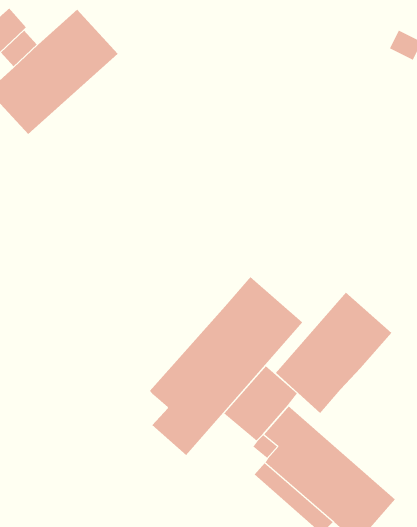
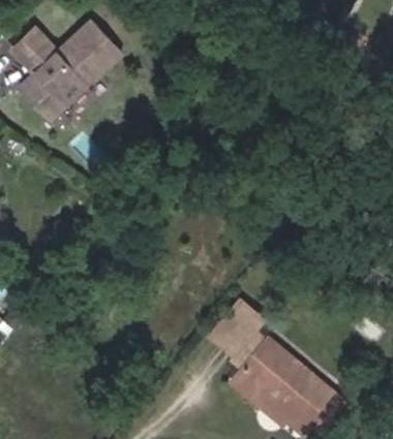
building: [149,276,303,456] -> none
building: [275,292,392,414] -> none

